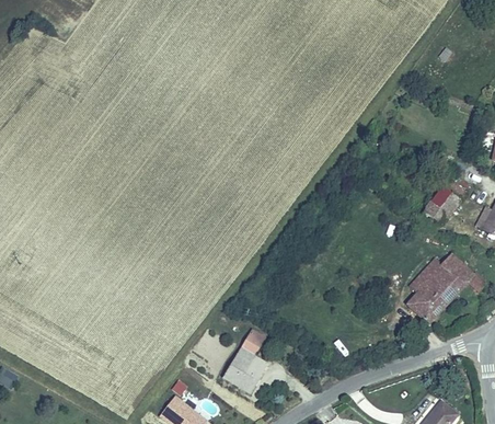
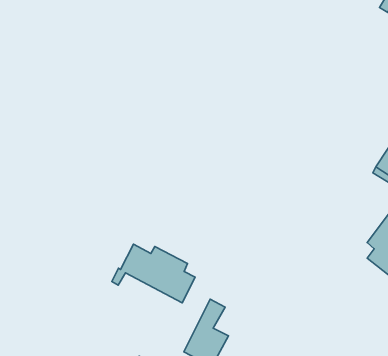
building: none -> [112,244,195,303]

